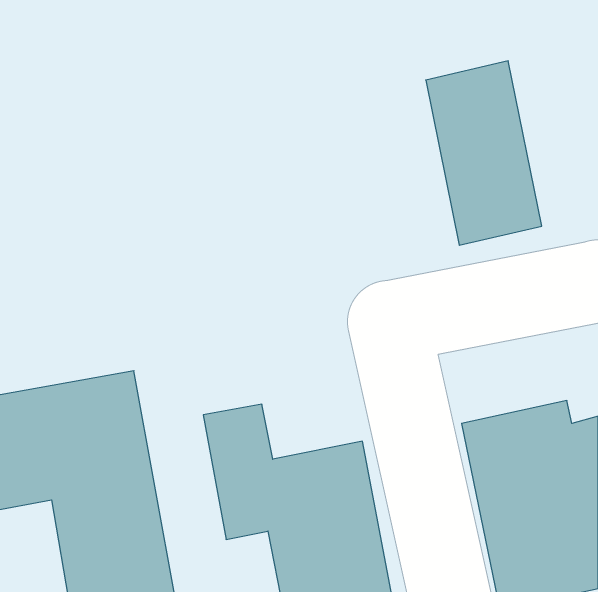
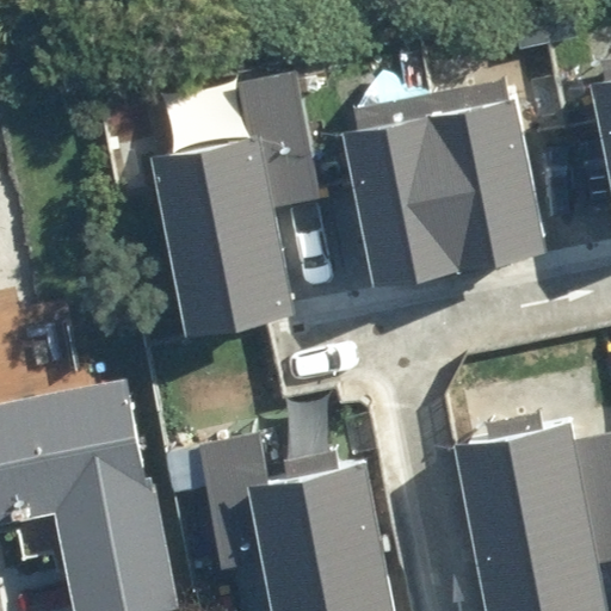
building: none -> [156,75,317,335]
building: none -> [341,99,458,280]

